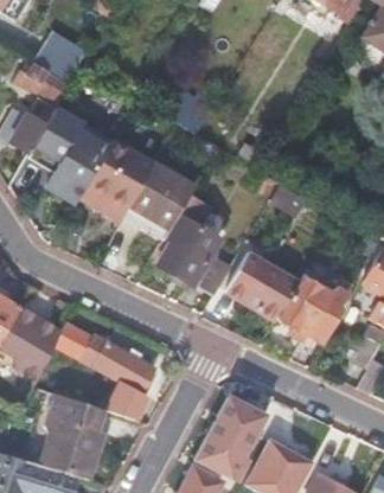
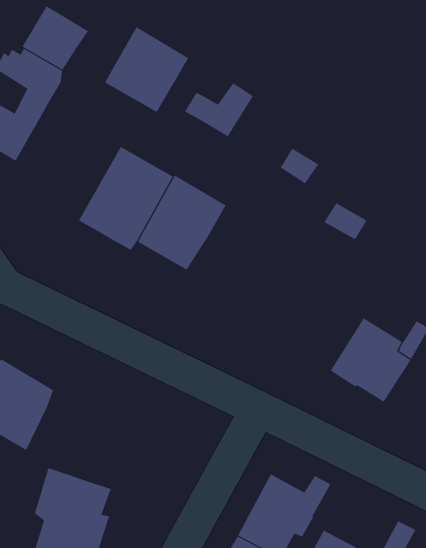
building: [31,109,97,177] -> [104,26,189,113]
building: [151,196,230,296] -> none
building: [228,251,299,321] -> none
building: [56,321,155,421] -> none

